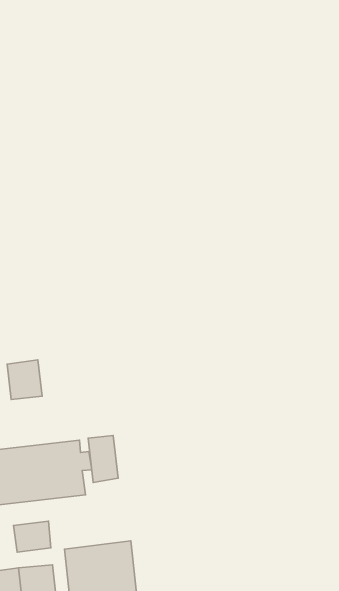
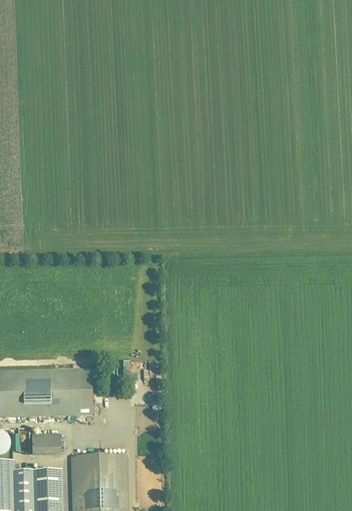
building: [7,360,42,399] -> none
building: [88,436,118,482] -> none

